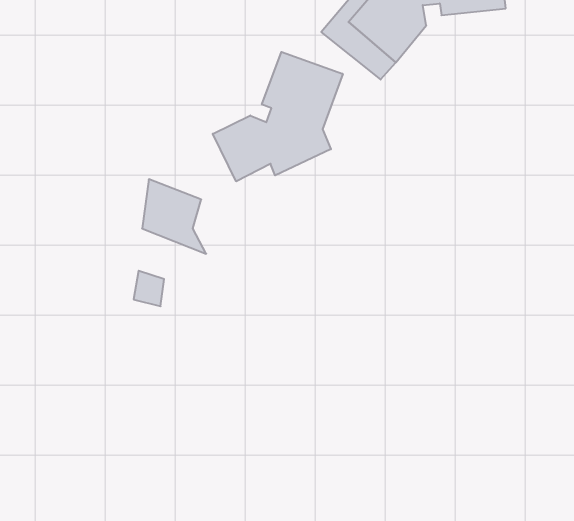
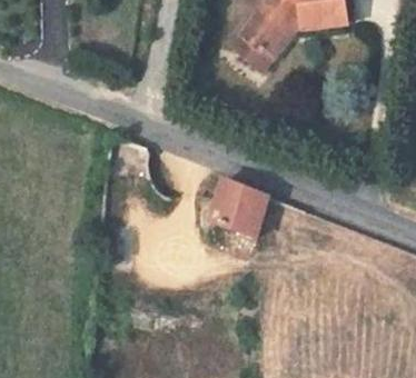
building: [213,52,343,181] -> none
building: none -> [201,173,264,230]

